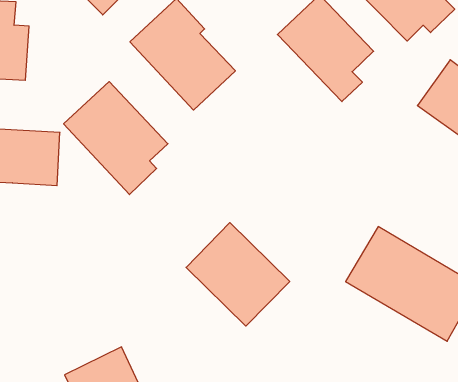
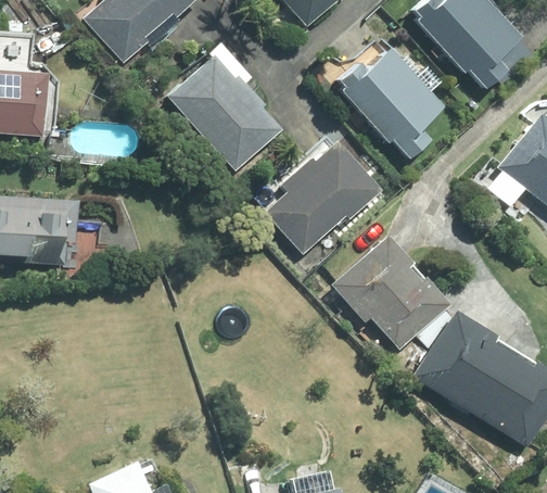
building: none -> [263,140,383,256]
building: [64,82,168,195] -> none
building: [186,223,290,326] -> [331,233,451,354]

